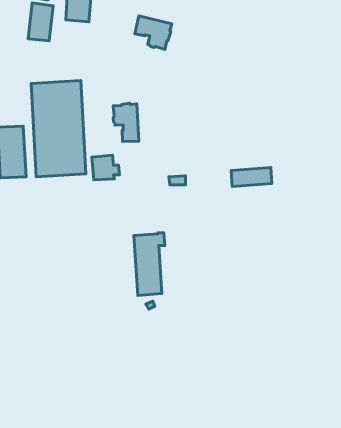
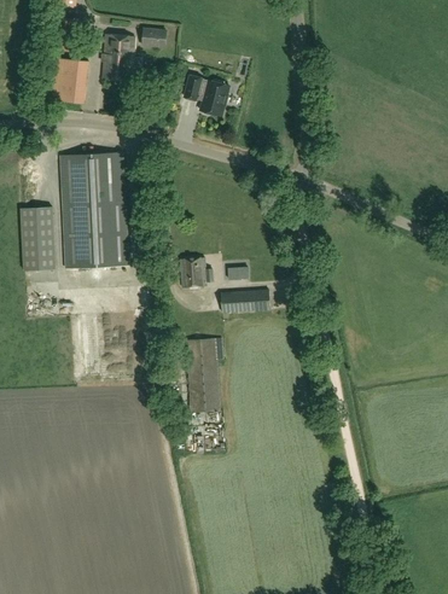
building: [113,103,139,142] -> none
building: [92,155,120,180] -> [179,256,213,286]
building: [231,167,272,186] -> [220,289,269,311]

